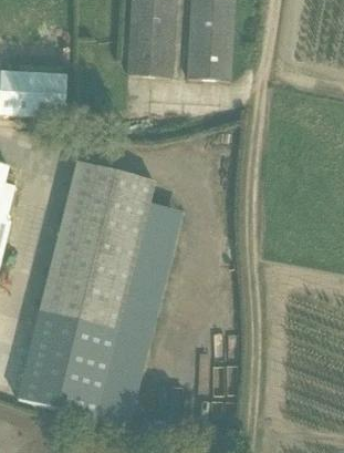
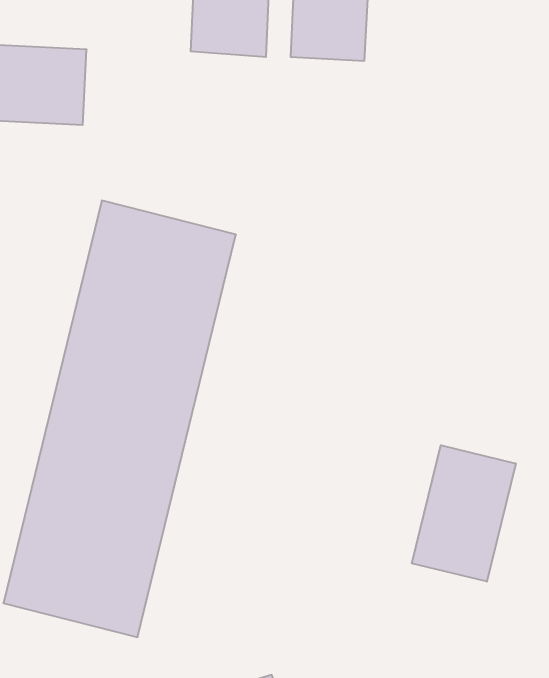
building: [97,203,187,424] -> none
building: none -> [412,445,516,582]

